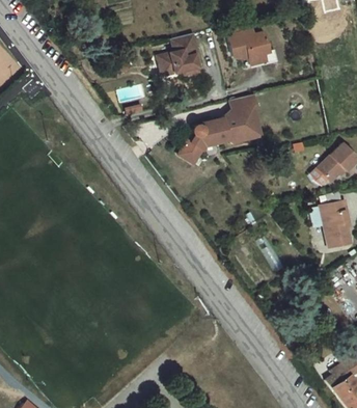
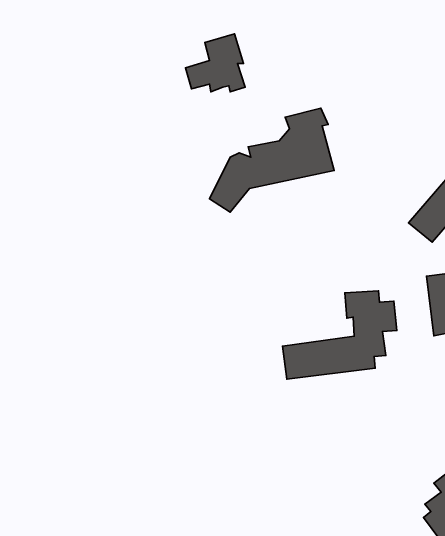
building: [227,26,280,69] -> none
building: none -> [282,291,397,379]

